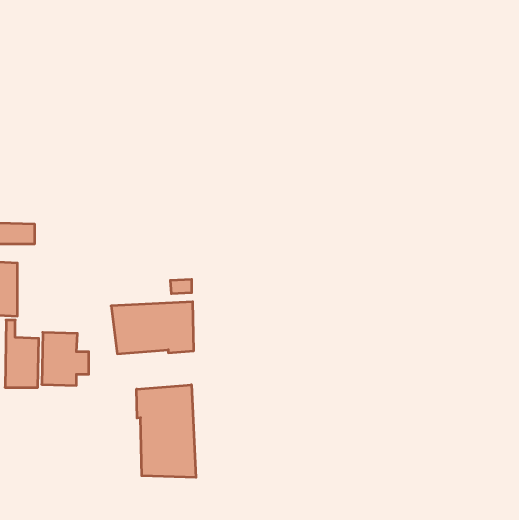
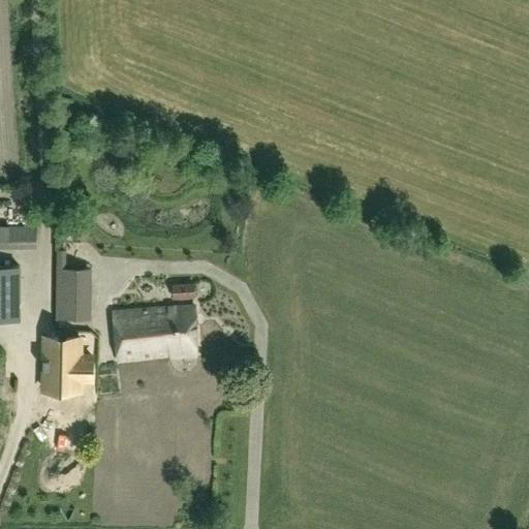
building: [5,320,39,387] -> [56,251,90,319]
building: [137,385,196,477] -> none

